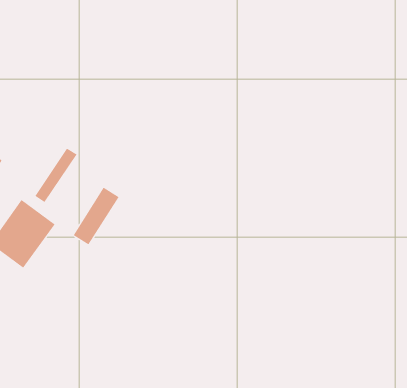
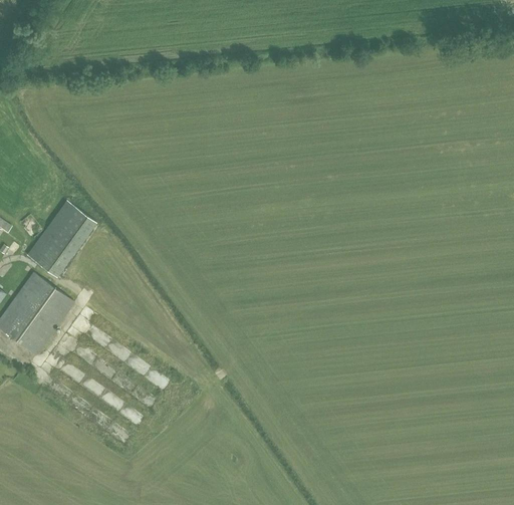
building: [73,187,119,245] -> [29,199,84,268]

